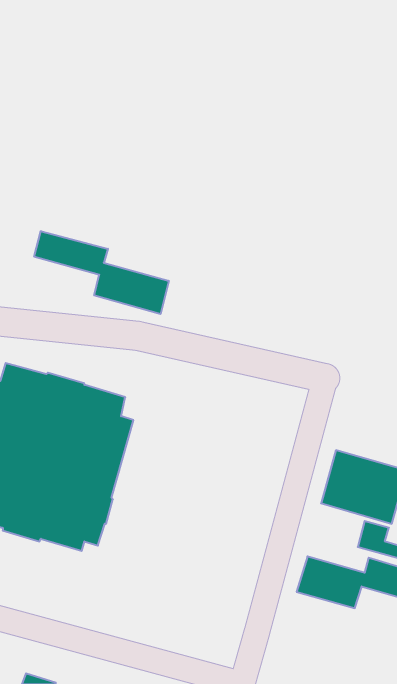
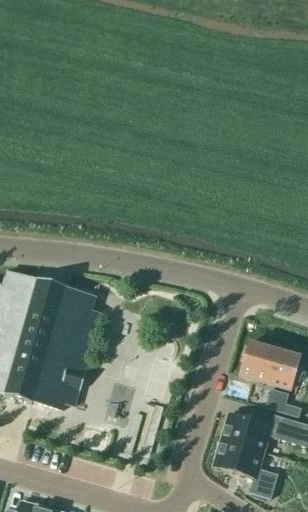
building: [34,231,169,314] -> none
building: none -> [213,440,277,499]

